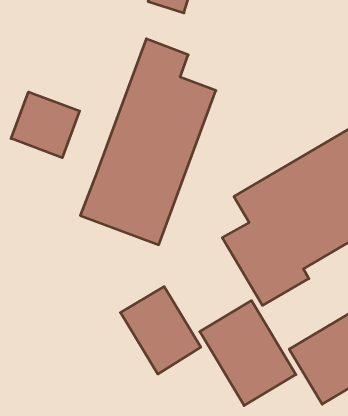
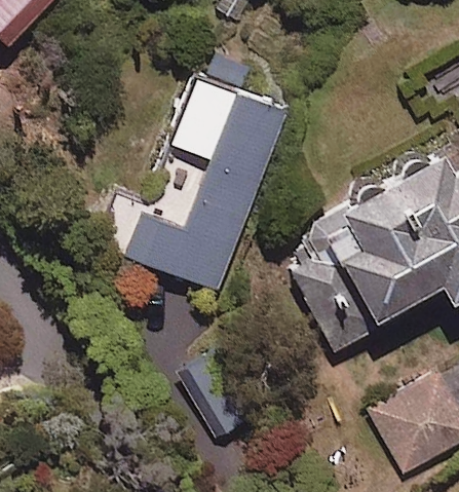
building: [11,92,80,158] -> none
building: [200,301,296,406] -> none

